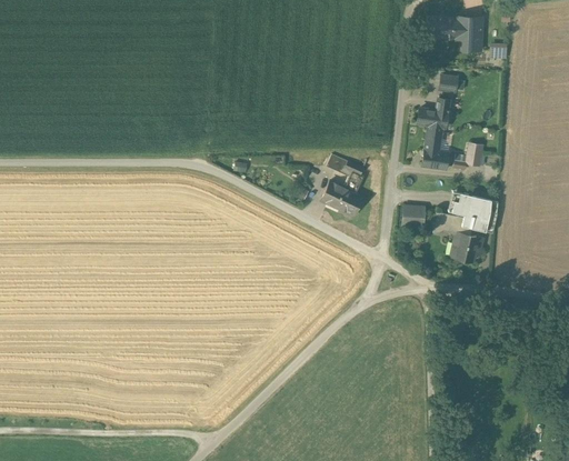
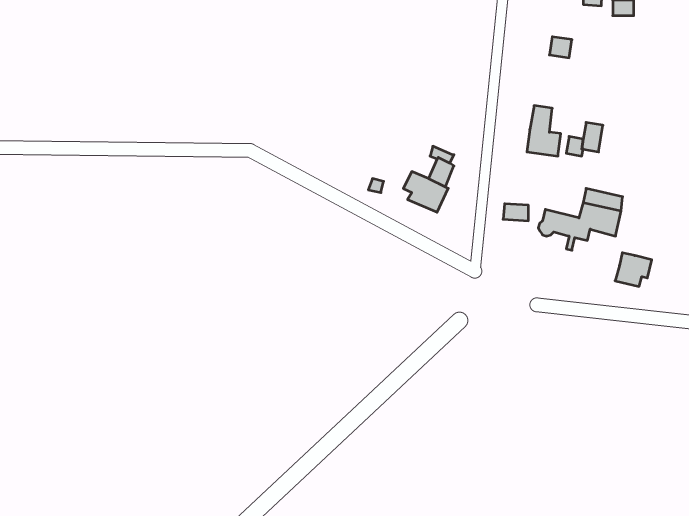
building: [417,98,450,127] -> none
building: [453,233,482,260] -> [615,253,652,286]

